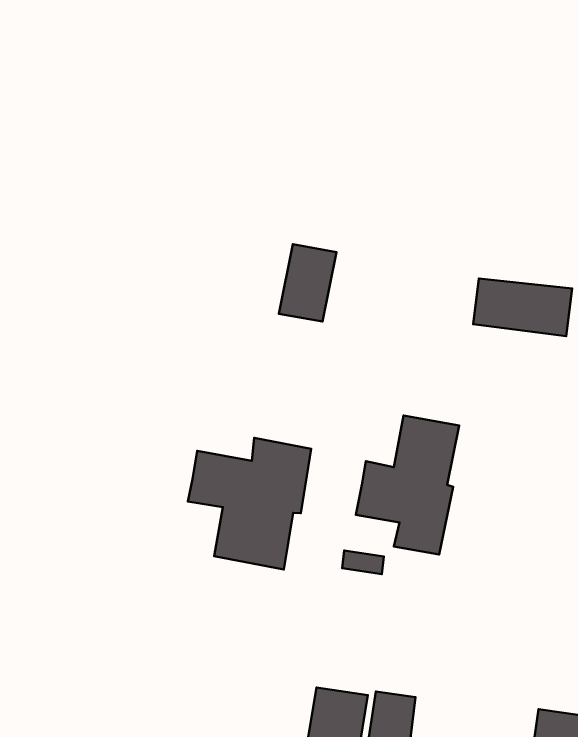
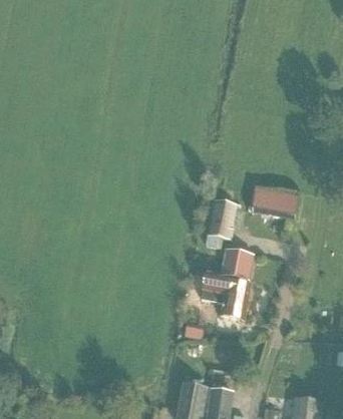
building: [279,244,336,322] -> [208,198,237,238]
building: [188,438,311,569] -> none

